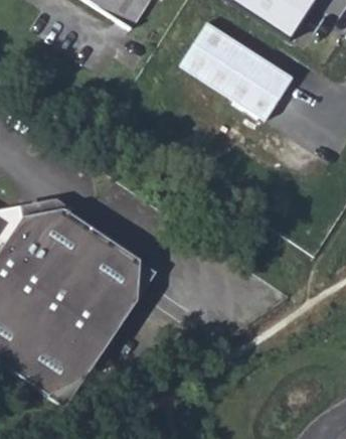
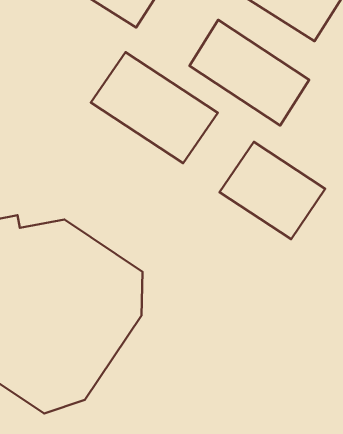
building: none -> [91,52,218,163]
building: none -> [220,142,325,239]

